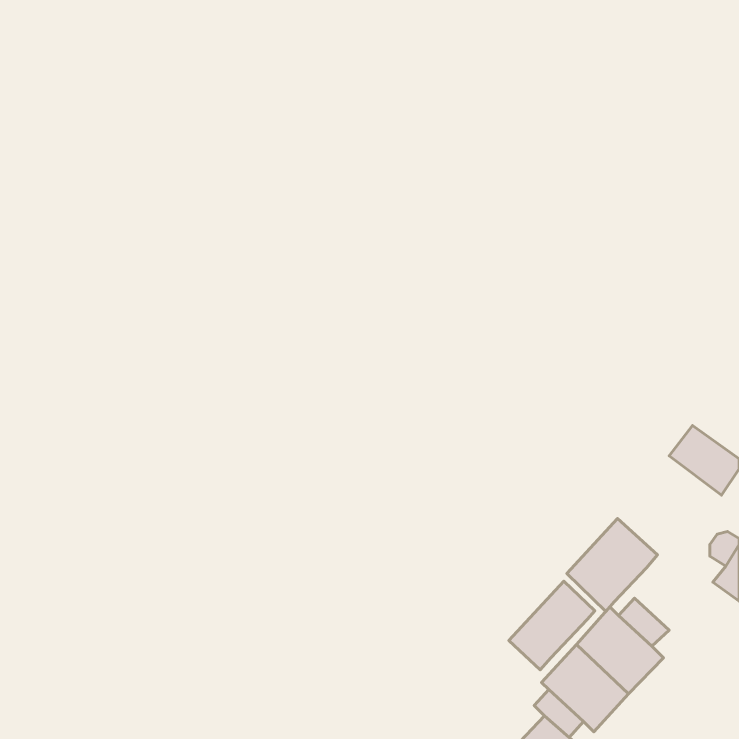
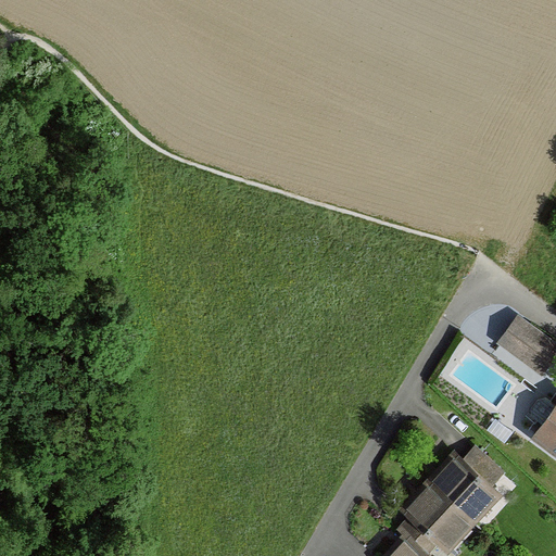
building: [567,519,658,612] -> none
building: [509,581,595,670] -> none

